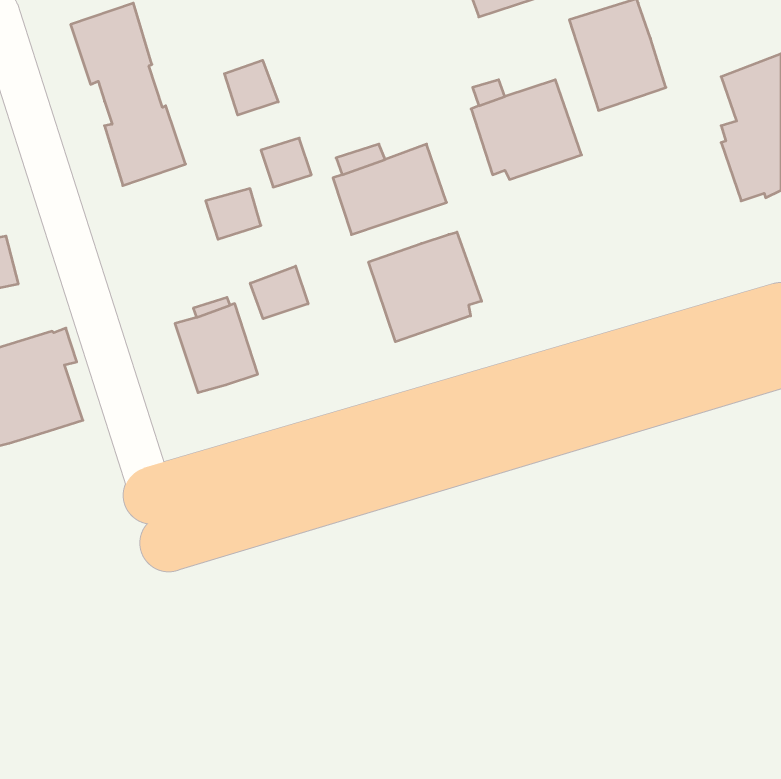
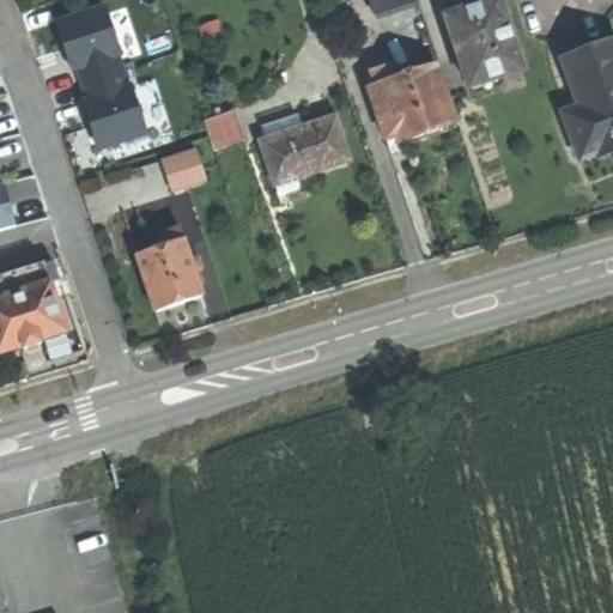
building: [224,60,278,115] -> none
building: [369,232,482,342] -> none
building: [250,266,308,319] -> none

